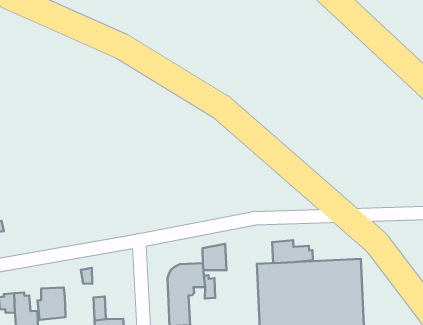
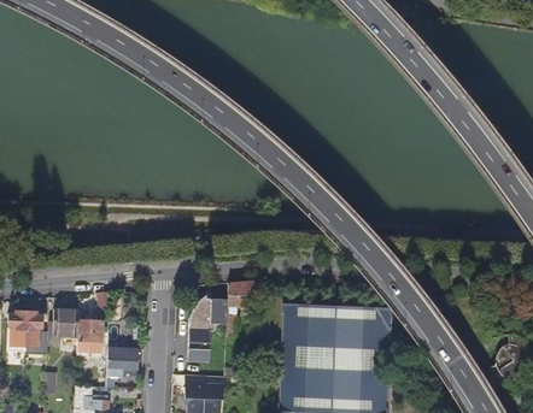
building: [272,240,313,263] -> none
building: none -> [77,320,102,344]

